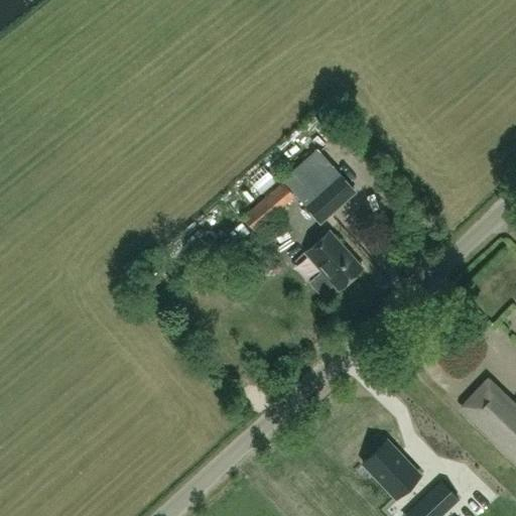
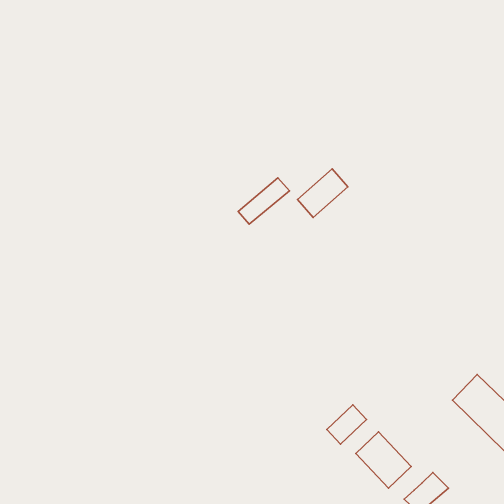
building: [283,149,340,205] -> none
building: [305,231,363,294] -> none
building: none -> [327,405,366,444]

